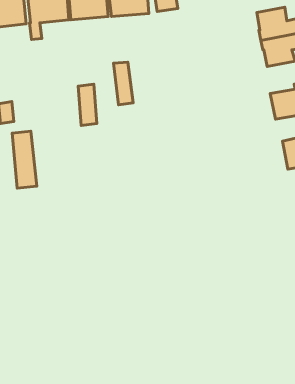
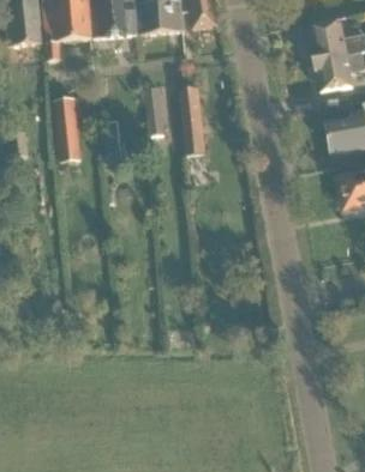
building: none -> [180,86,207,153]
building: [12,131,37,188] -> [54,96,83,162]

